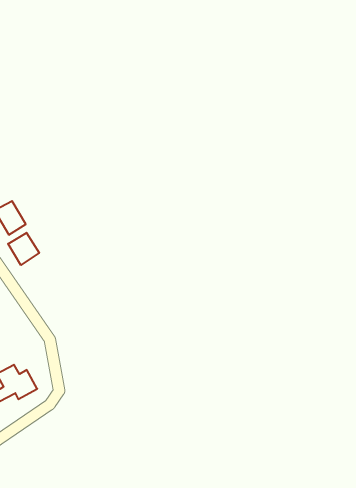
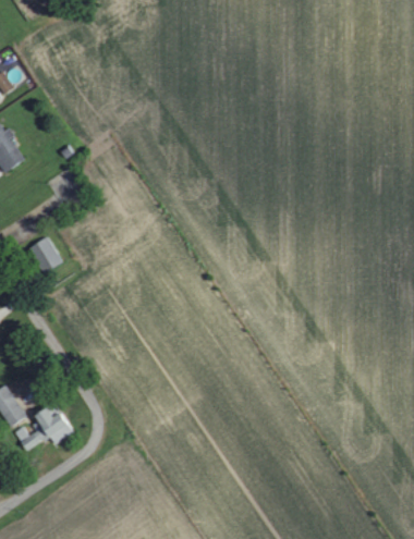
building: [8,233,39,265] -> none

